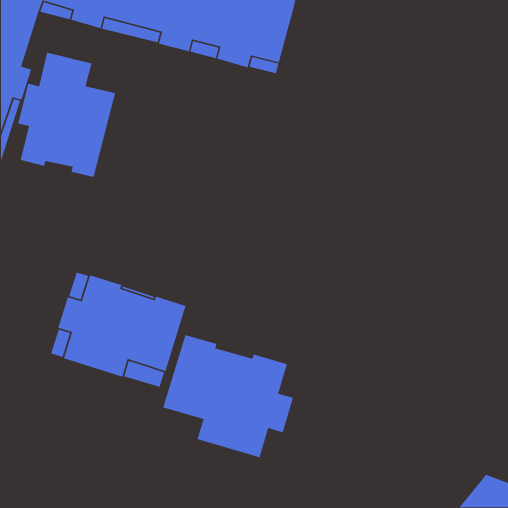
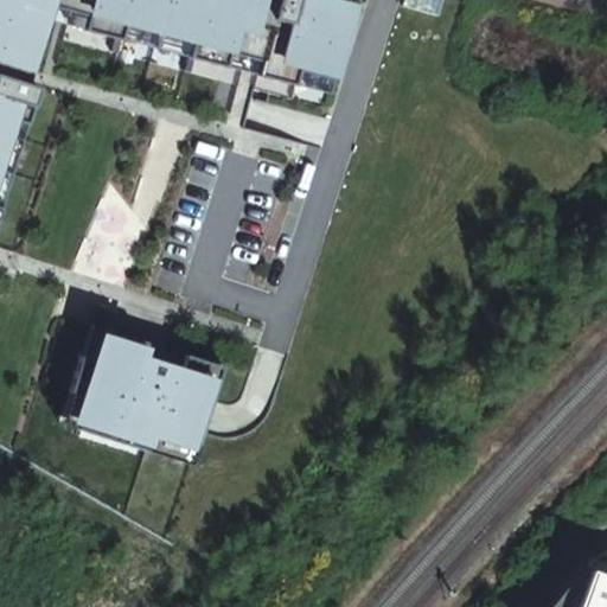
building: [18,52,116,178] -> none
building: [162,334,294,458] -> none

